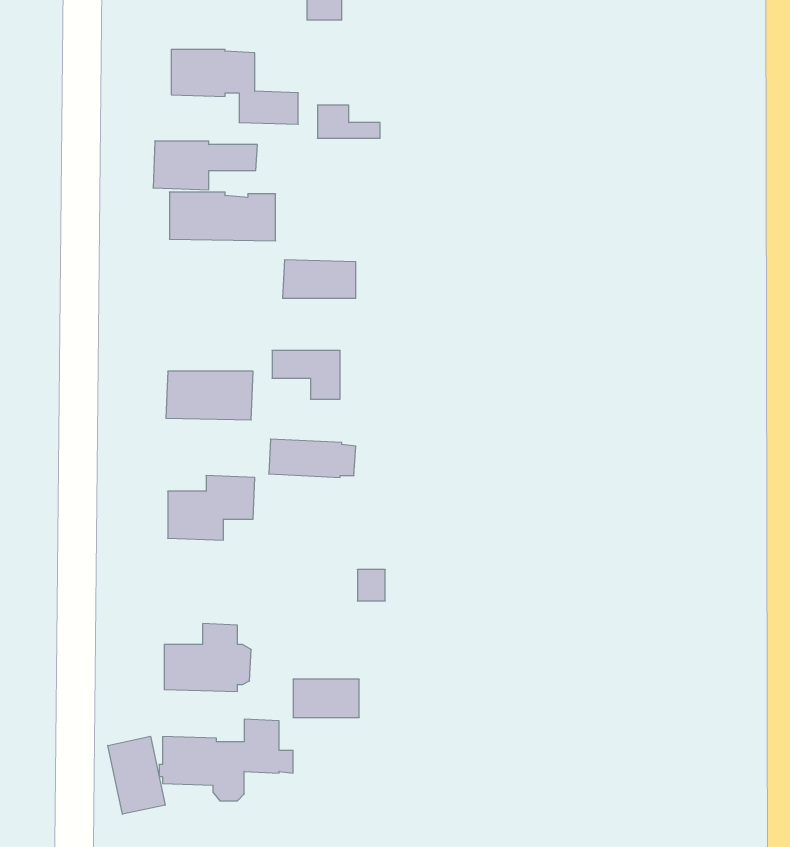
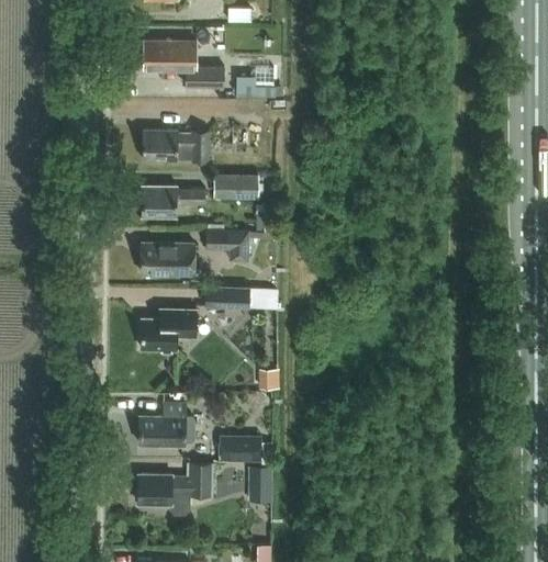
building: [153,141,257,190] -> [141,187,206,217]
building: none -> [249,468,270,503]
building: [108,736,165,814] -> none

